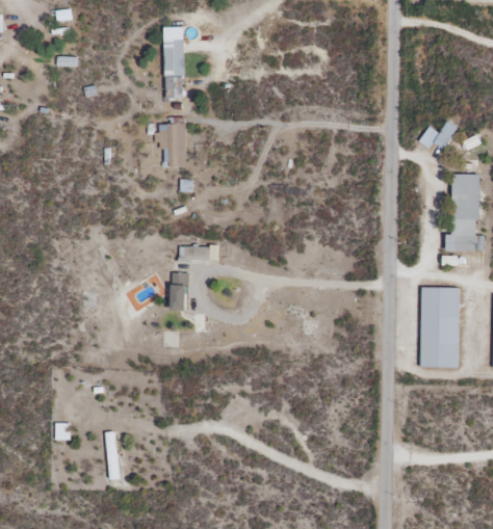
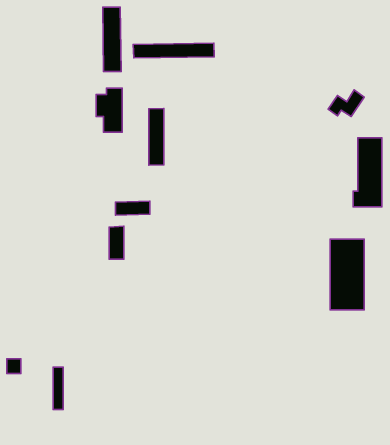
building: none -> [133,43,214,58]
building: none -> [149,108,164,165]

